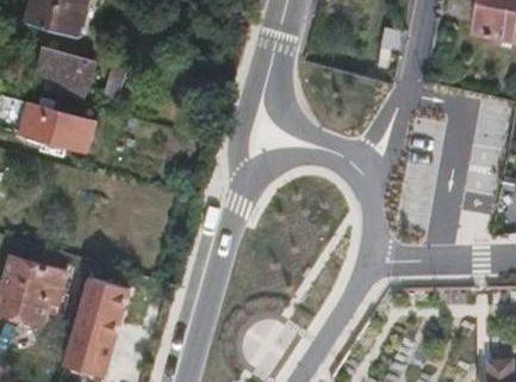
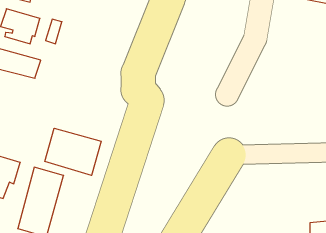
building: none -> [45,128,101,175]

